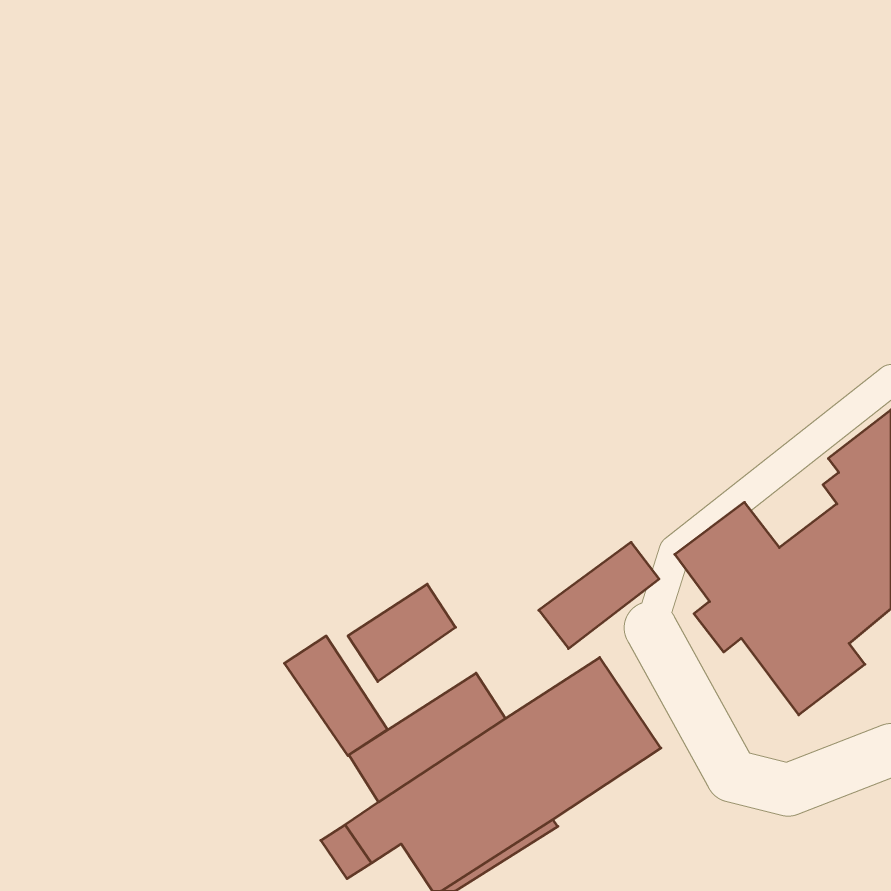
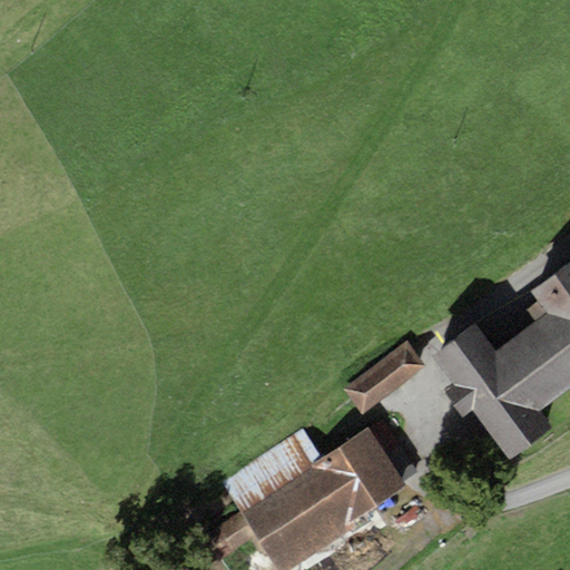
building: [348,584,456,682] -> none
building: [284,636,387,756] -> none

